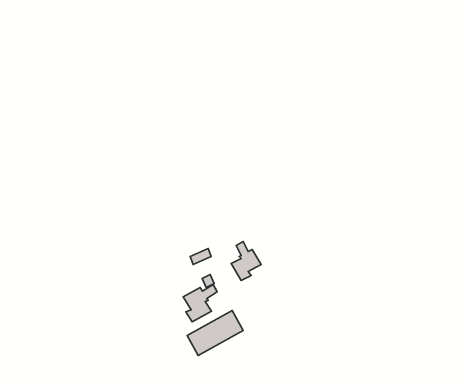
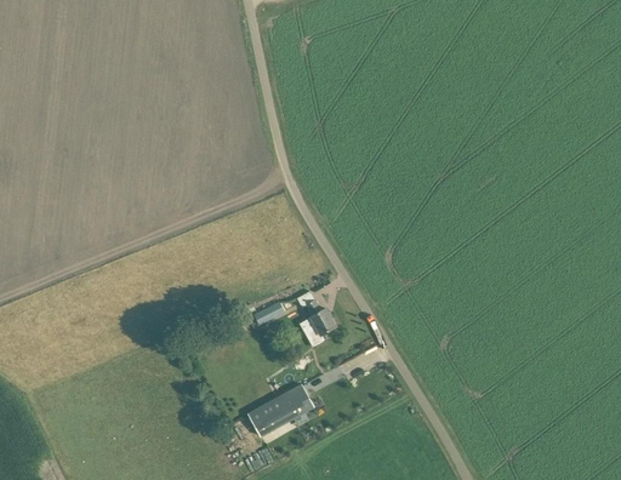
building: [183,285,217,322] -> none

